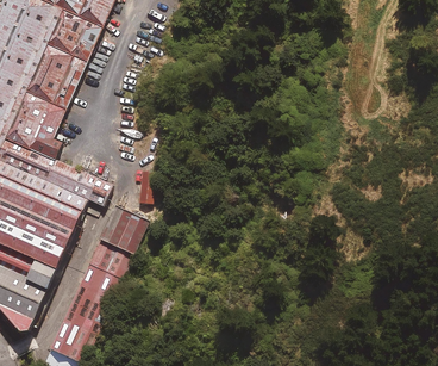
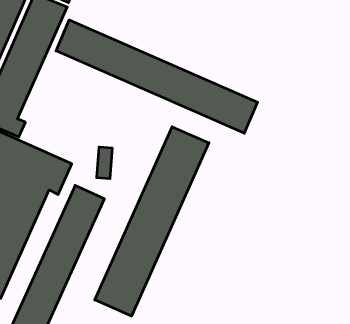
building: none -> [56,20,258,133]
building: none -> [95,127,209,316]

